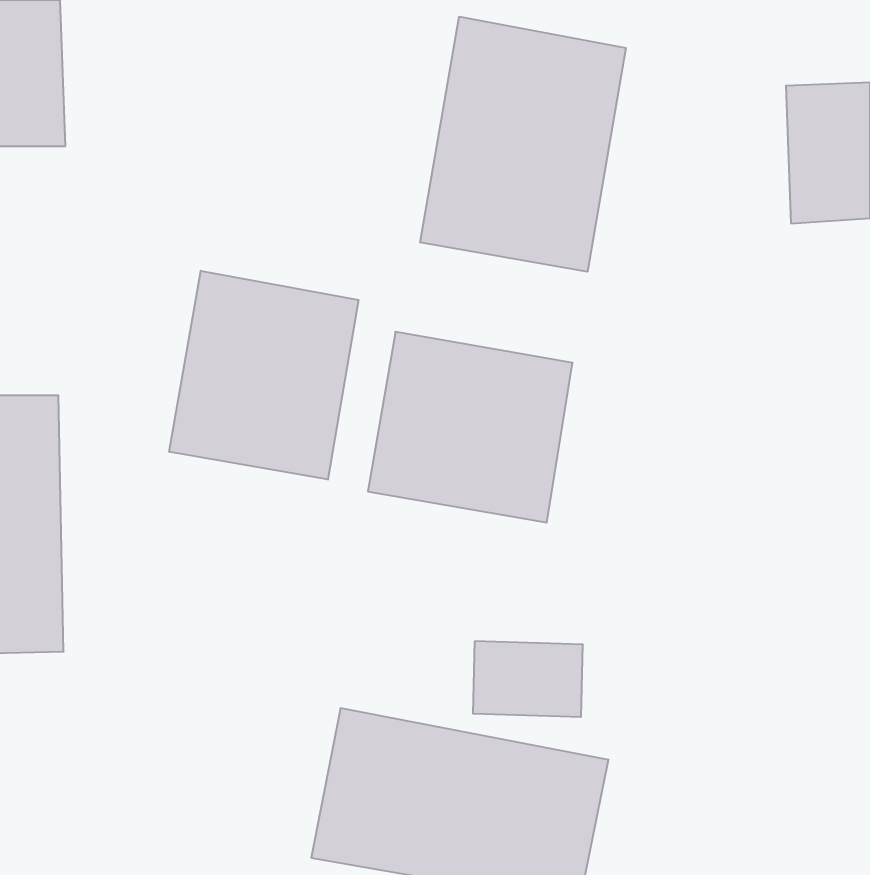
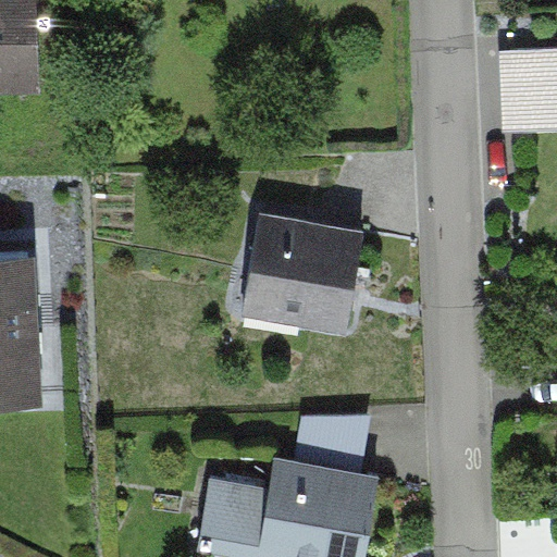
building: [420,17,626,272] -> none
building: [169,271,359,480] -> none

